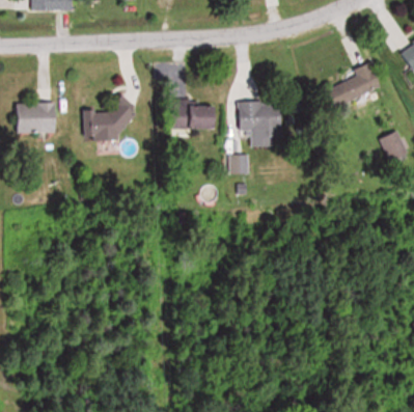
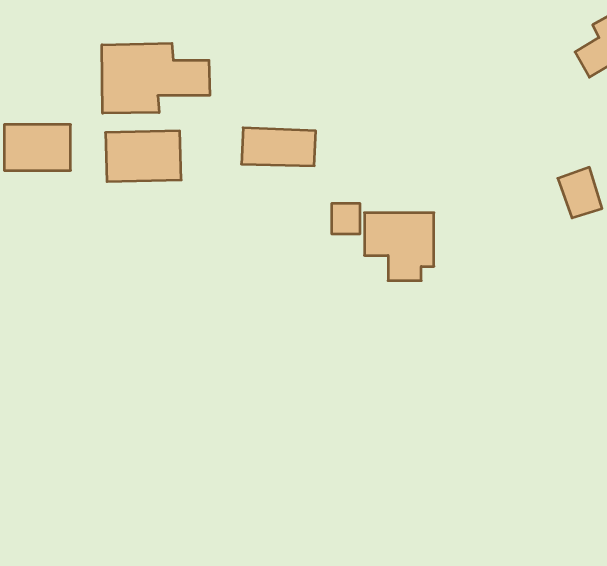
building: none -> [102,43,210,113]
building: [331,60,384,107] -> none
building: [239,103,284,147] -> [364,213,434,281]

